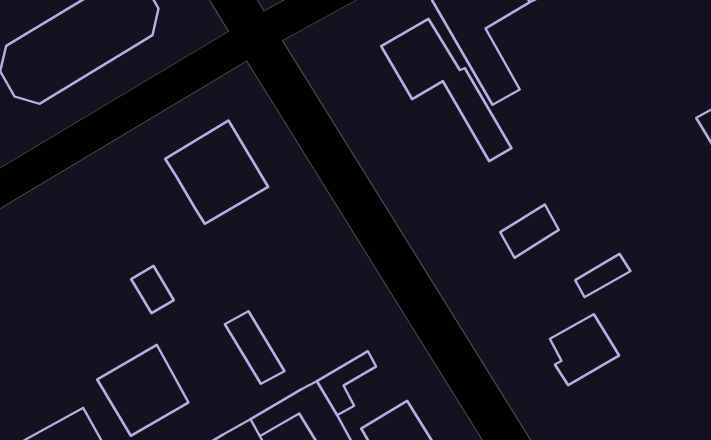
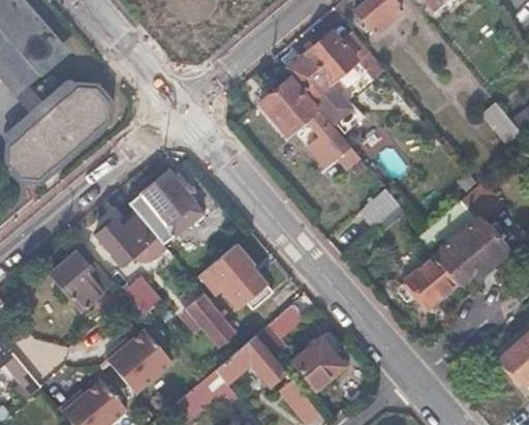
building: none -> [95,213,155,263]
building: none -> [51,250,108,308]
building: none -> [435,190,509,285]
building: none -> [198,242,269,309]

